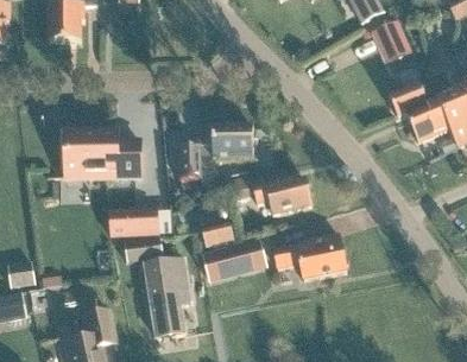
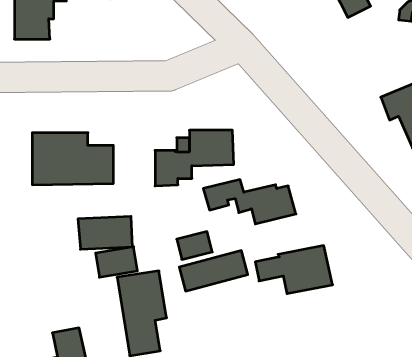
building: [374,20,410,59] -> none

